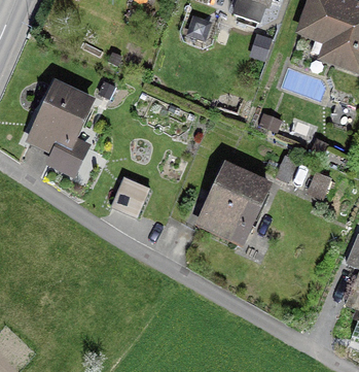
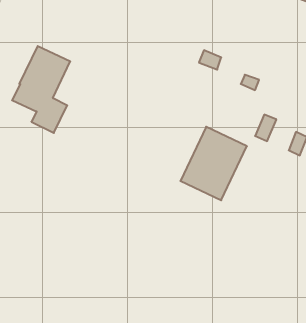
building: [115,179,151,218] -> none

